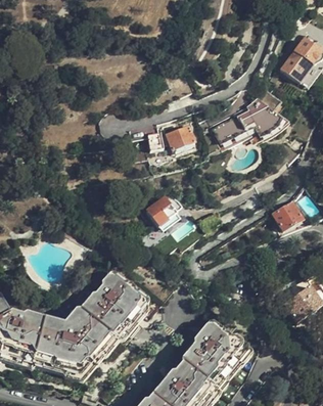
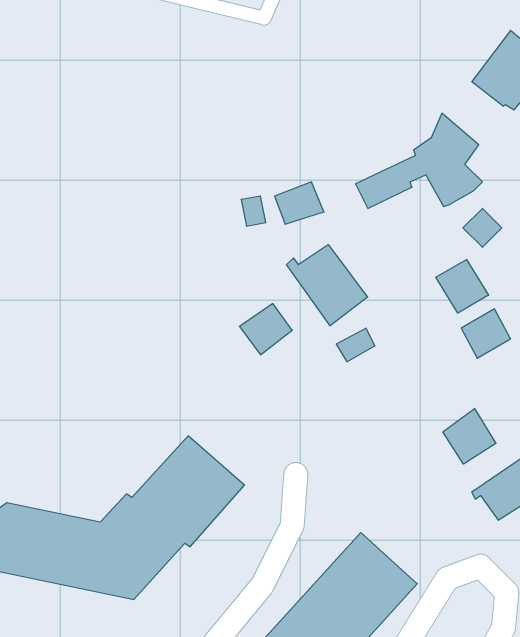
building: none -> [287,245,368,326]
building: none -> [436,259,489,313]
building: none -> [443,408,496,464]

